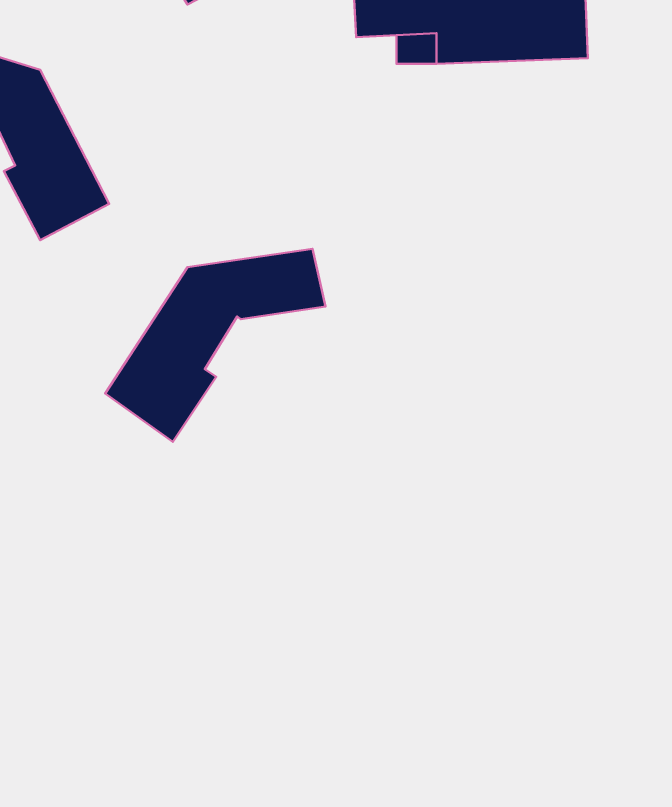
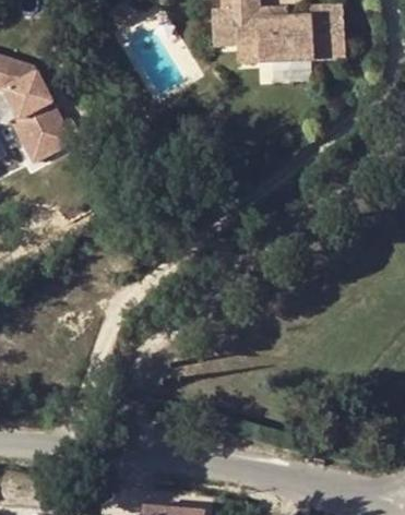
building: [105,249,325,442] -> none

